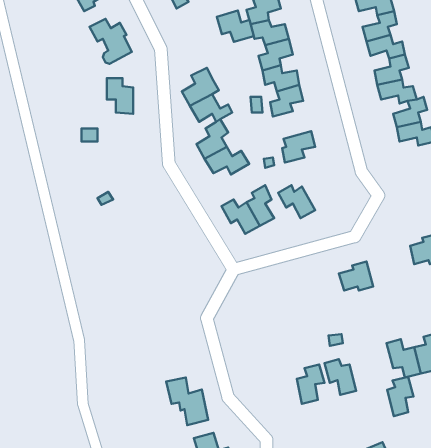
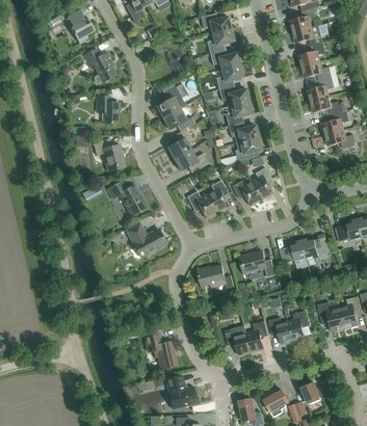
building: [217,11,254,42] -> none
building: none -> [228,122,258,143]
building: none -> [93,138,125,170]
building: none -> [251,167,272,199]
building: none -> [107,182,147,215]
building: none -> [126,222,166,258]
building: none -> [302,234,330,260]
building: none -> [240,250,276,277]
building: none -> [198,265,235,292]
building: none -> [225,324,251,355]
building: [387,377,414,416] -> [288,311,309,342]

